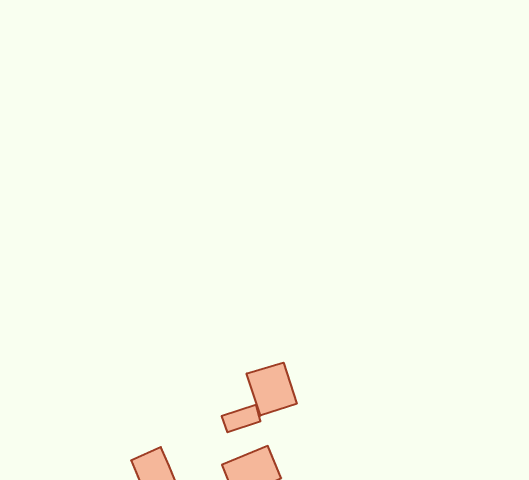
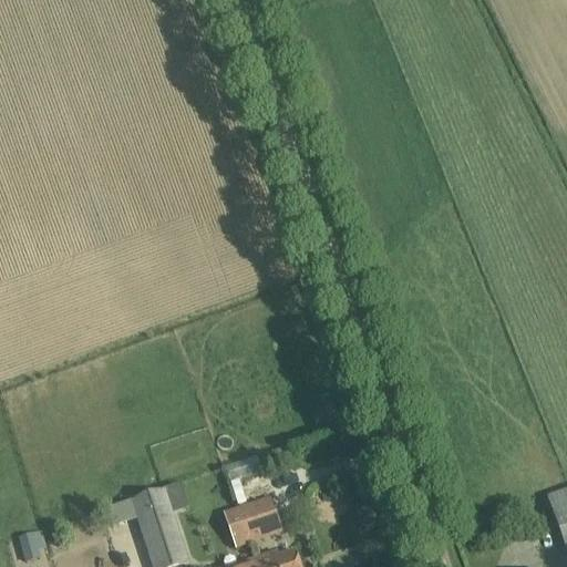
building: [247,363,297,416] -> none

